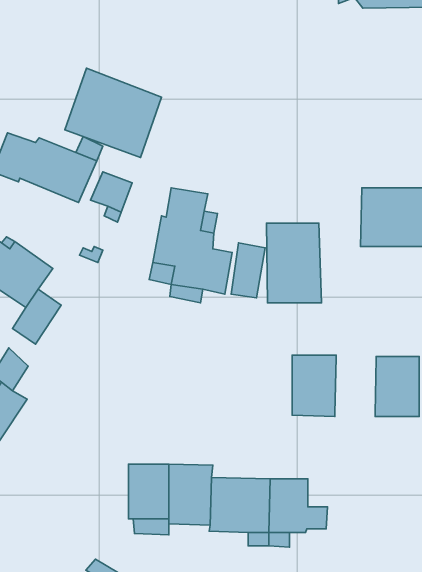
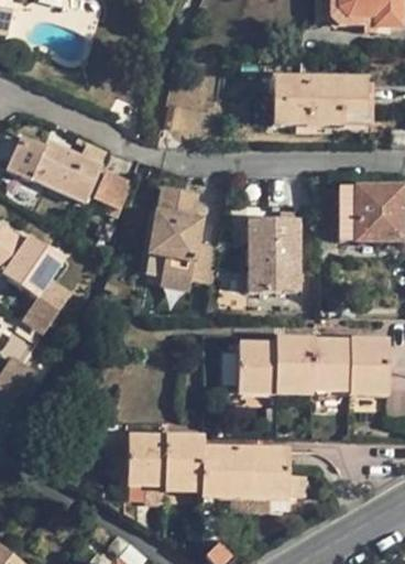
building: none -> [274,76,366,124]
building: [65,68,161,157] -> none
building: none -> [315,340,352,390]
building: none -> [239,344,276,392]

